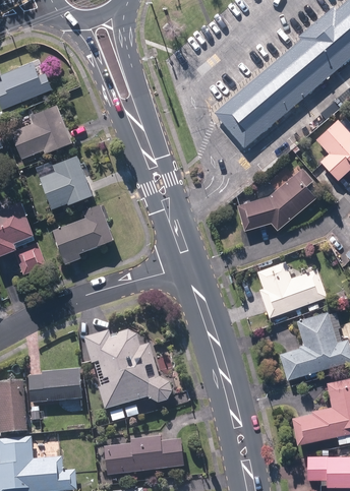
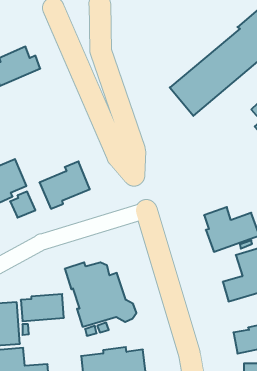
building: [11,105,73,158] -> none
building: [41,156,95,209] -> none
building: [237,168,316,231] -> none

